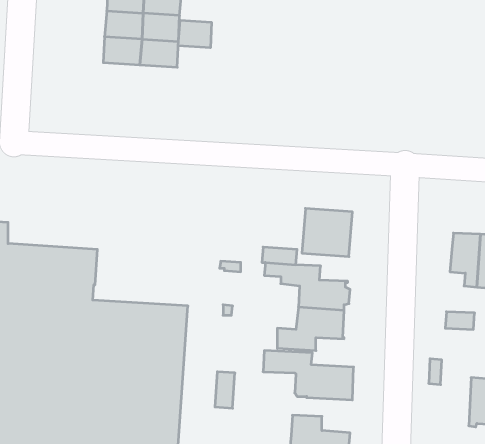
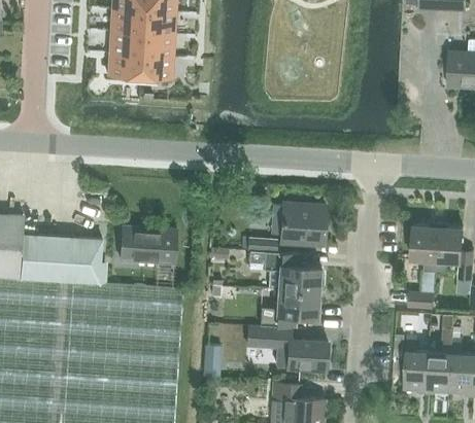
building: [178,20,211,48] -> none
building: none -> [121,227,177,266]
building: none -> [404,337,430,394]

